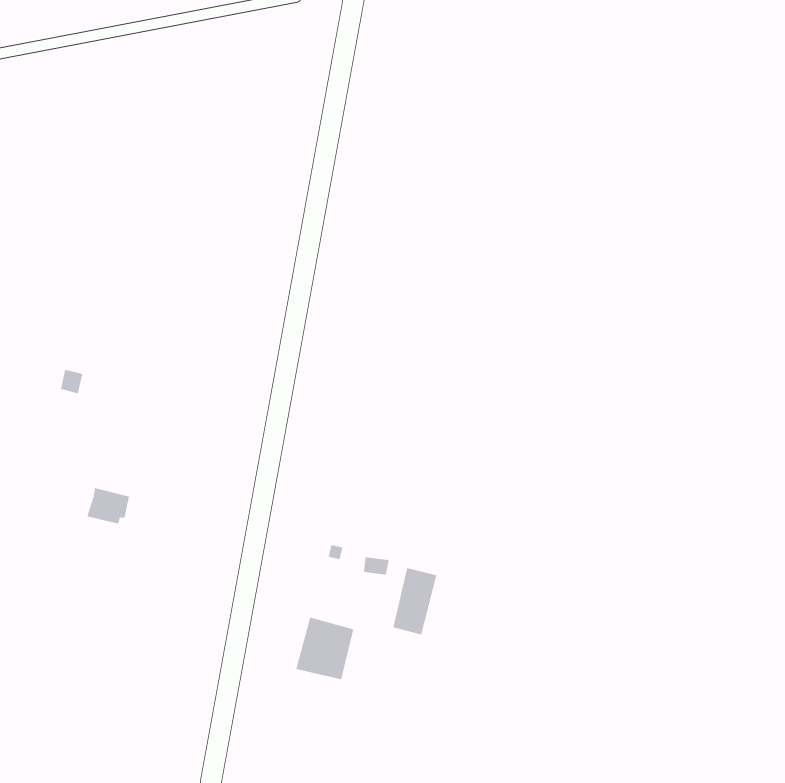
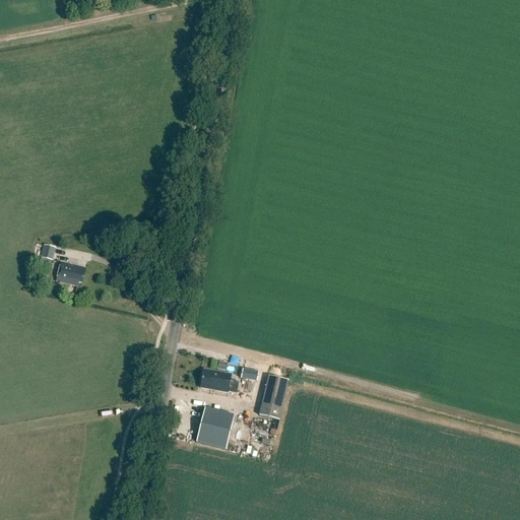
building: [87,487,130,524] -> [56,261,84,285]
building: none -> [200,369,239,393]

